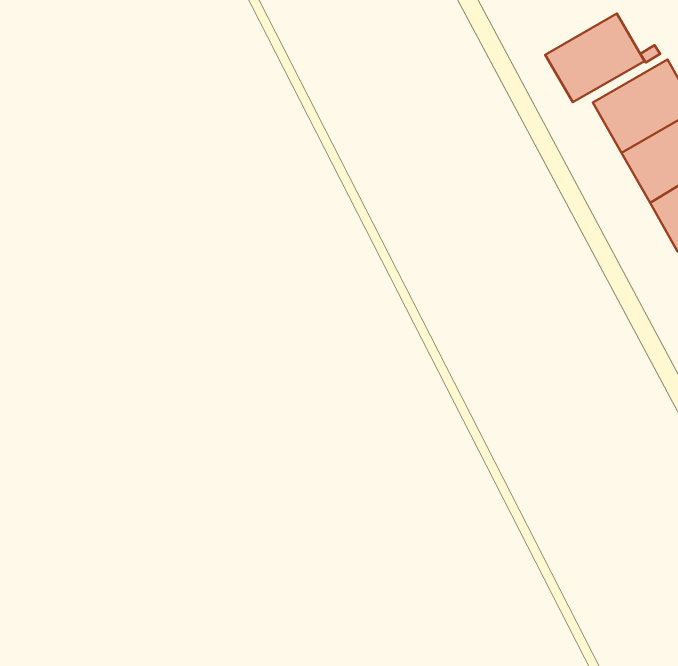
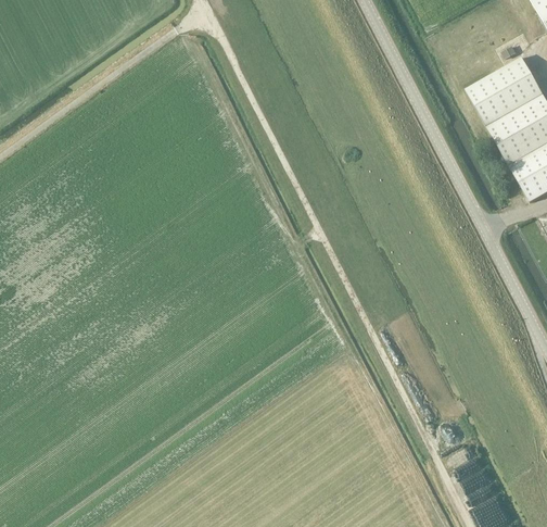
building: [545,14,644,102] -> none

